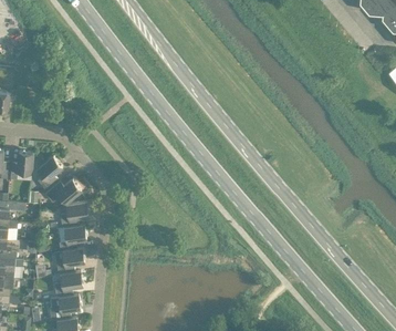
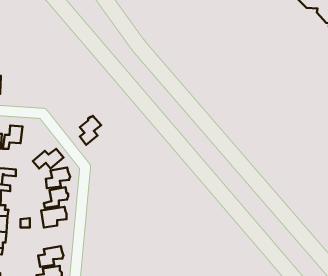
building: [38,157,63,192] -> [80,116,101,145]
building: [54,272,84,298] -> none

